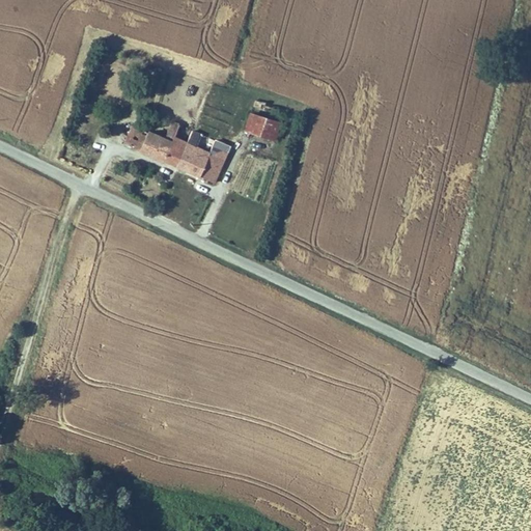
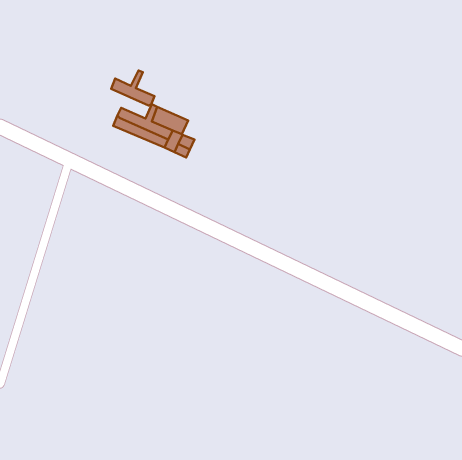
building: none -> [111,71,154,105]
building: [244,113,282,144] -> none

